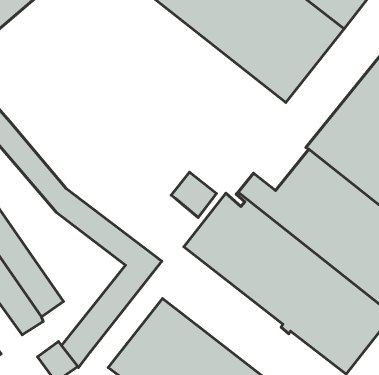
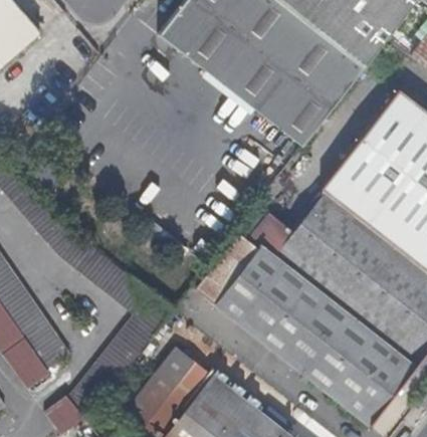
building: [171,172,216,218] -> none

